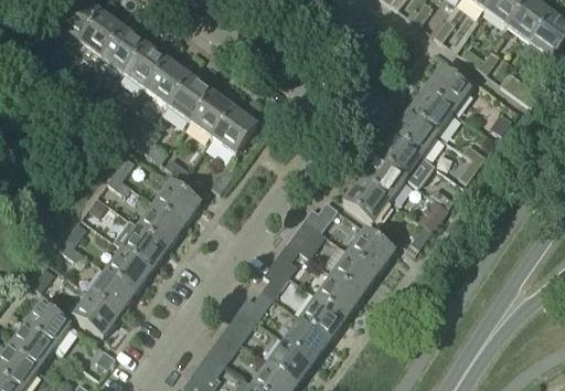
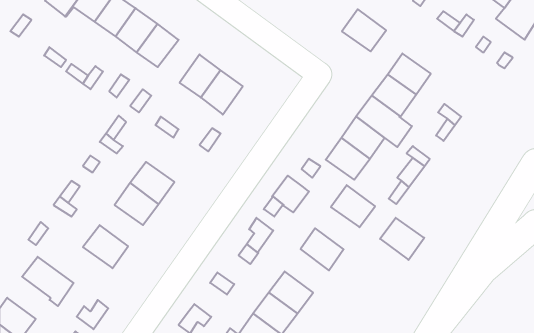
building: [425,65,471,109] -> [342,9,386,51]
building: [168,74,212,119] -> none
building: [156,179,202,223] -> none
building: [107,247,152,290] -> none
building: [333,250,380,294] -> [380,218,424,260]
building: [74,292,120,336] -> none
building: [301,294,348,339] -> none
building: [10,323,55,367] -> none
building: [206,329,241,364] -> none

